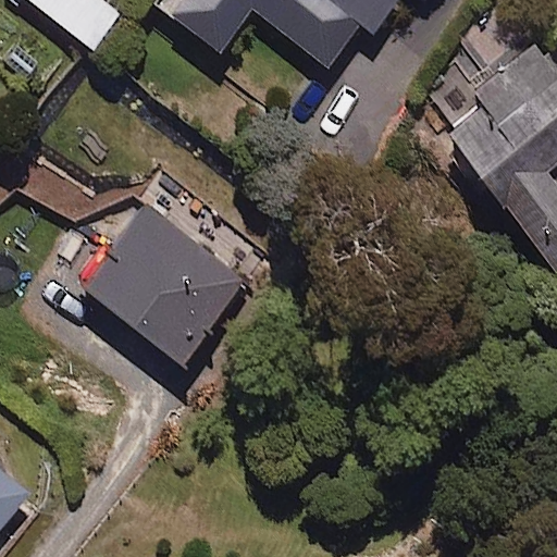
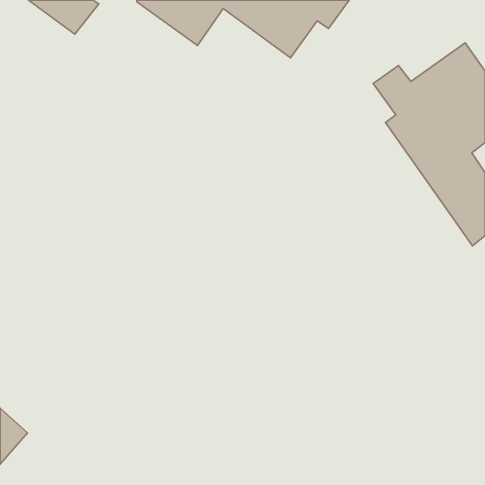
building: [82,200,260,371] -> none

